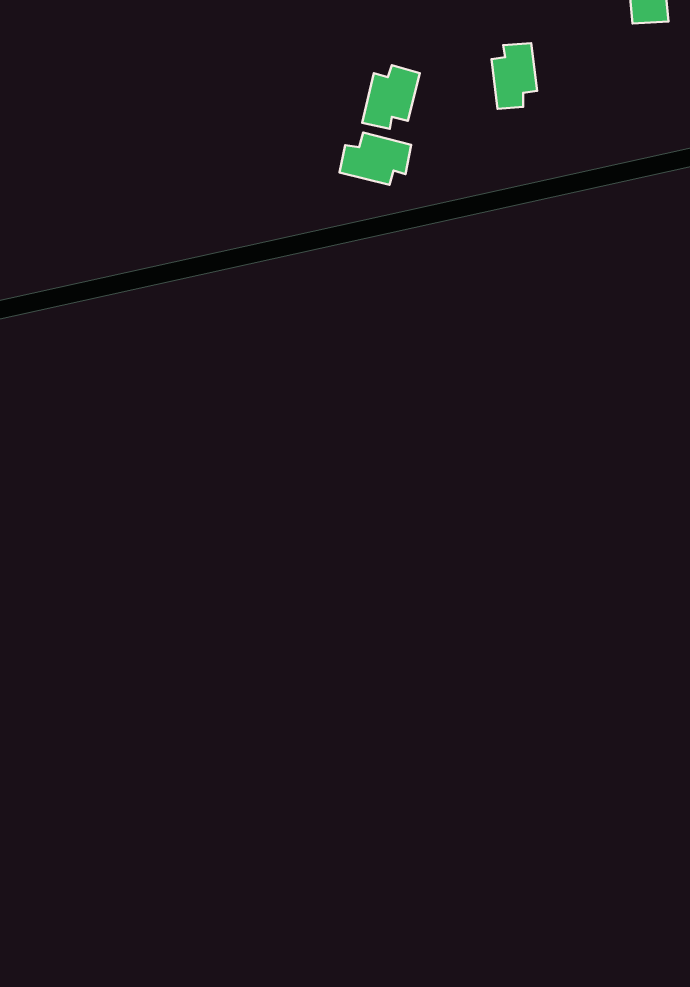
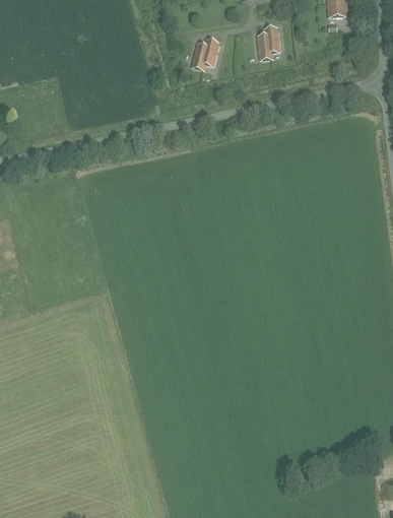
building: [339,133,411,185] -> none

